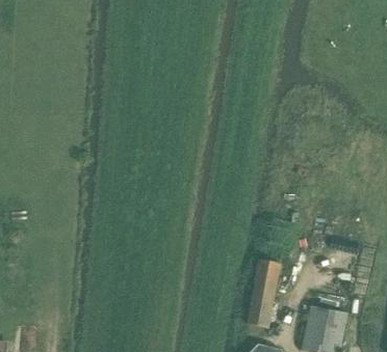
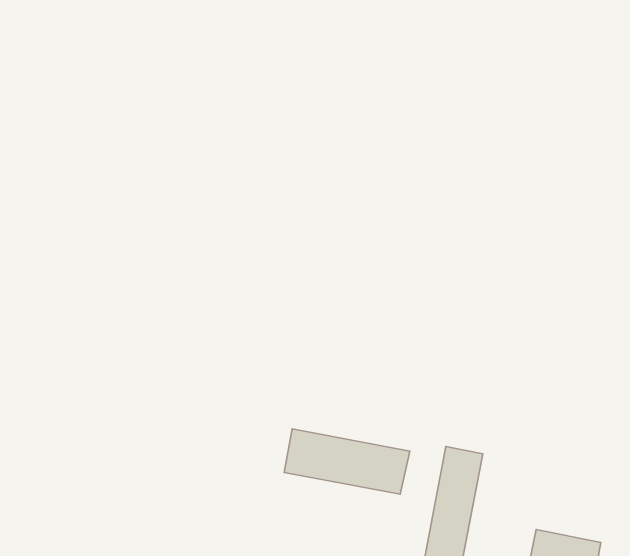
building: none -> [284,429,410,494]

